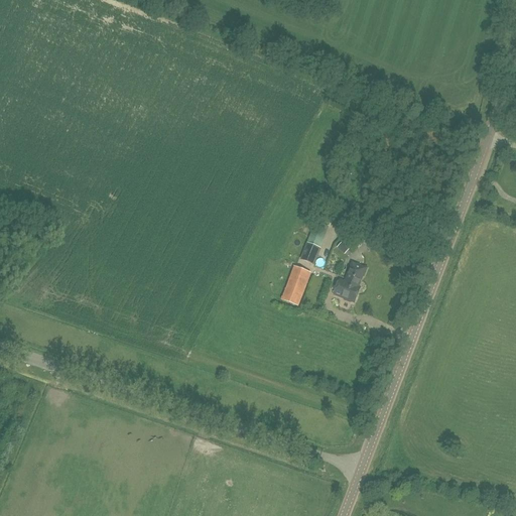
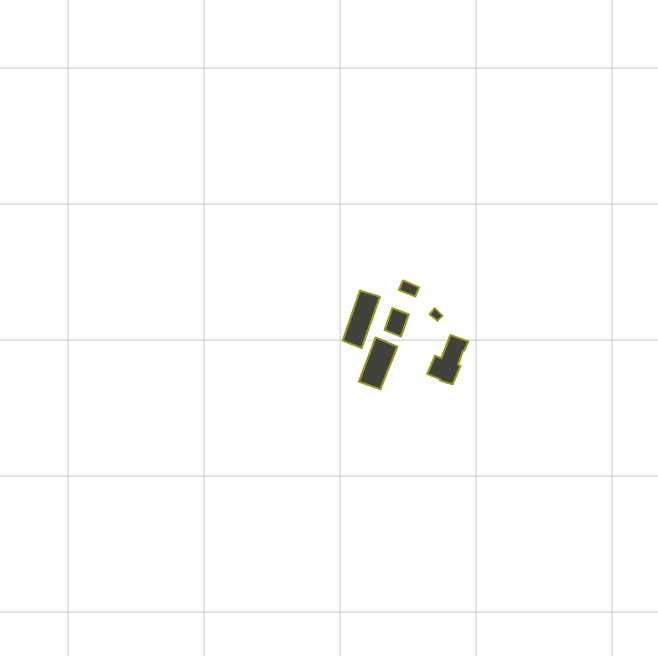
building: none -> [343,290,380,348]

